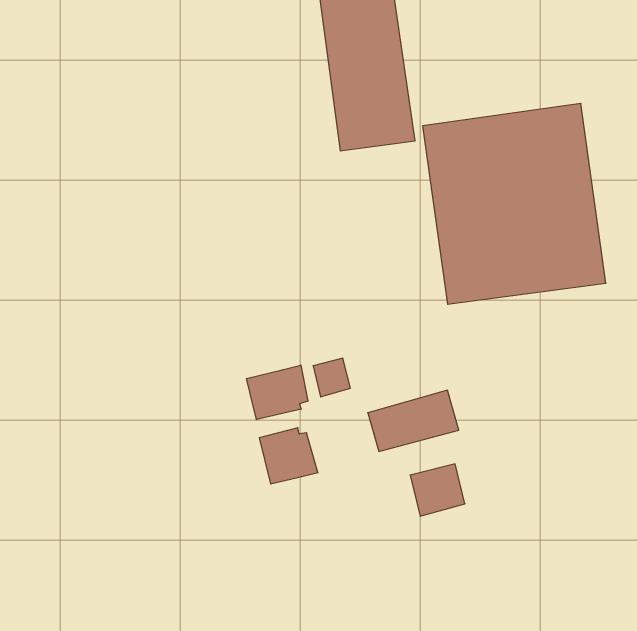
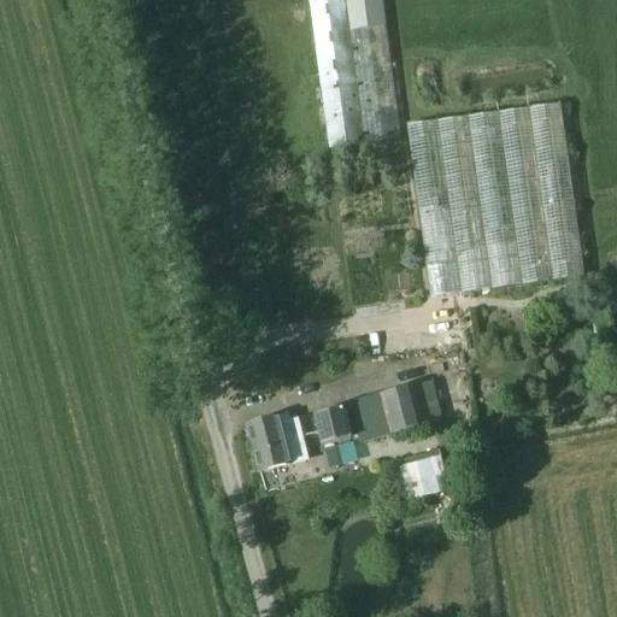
building: [313,358,350,397] -> [315,405,351,442]
building: [246,365,308,420] -> none

